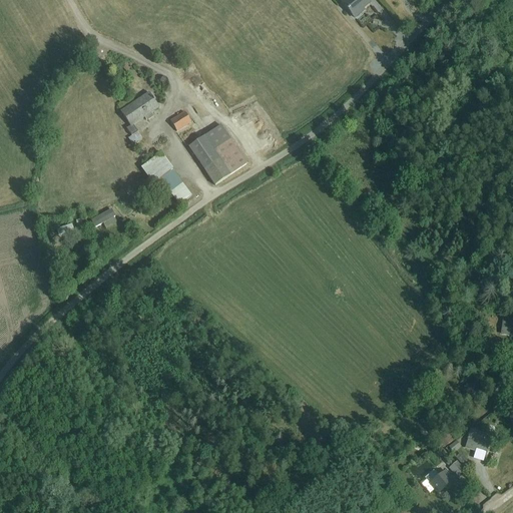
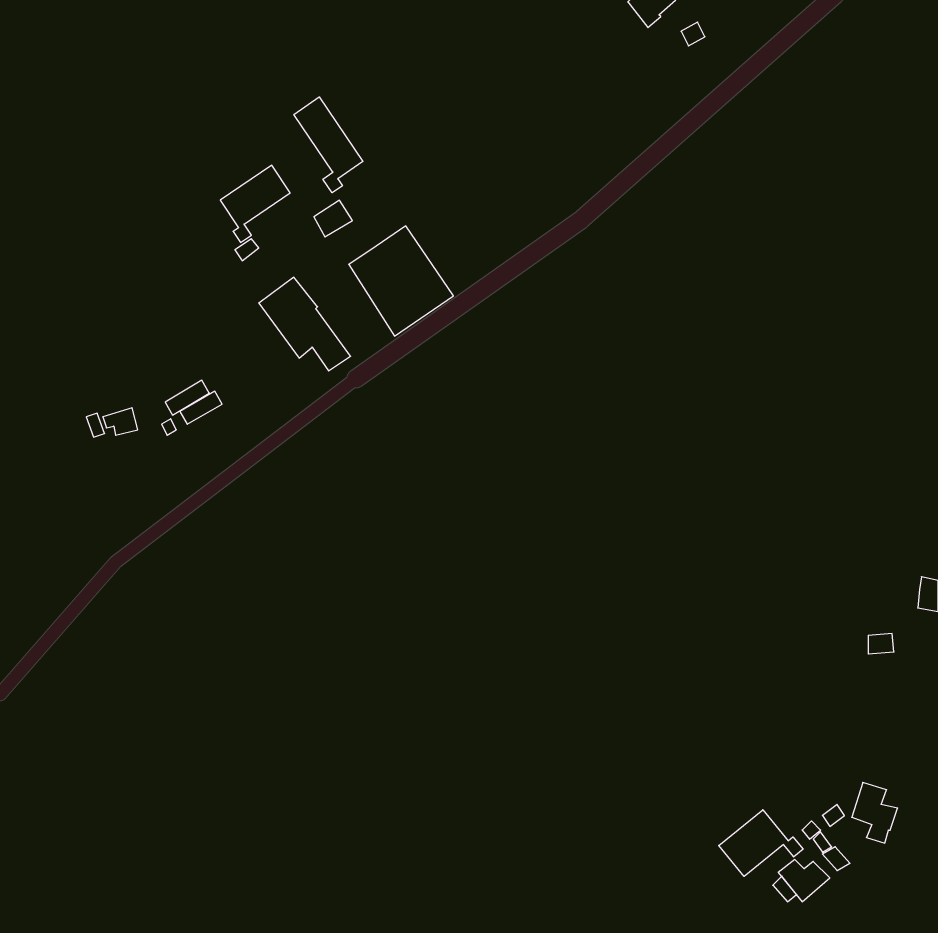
building: none -> [294,97,363,193]
building: none -> [719,810,803,876]

